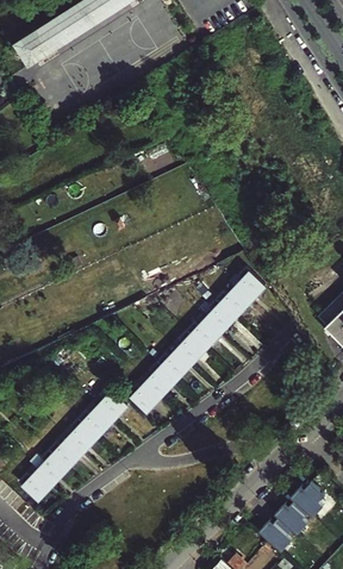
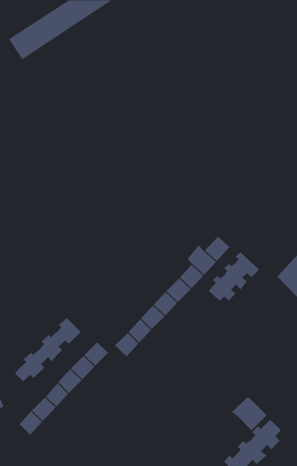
building: none -> [208,252,260,302]
building: none -> [14,317,81,382]
building: none -> [231,396,267,431]

